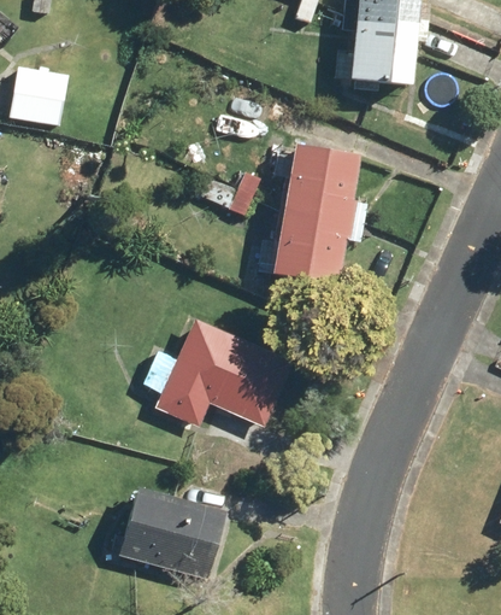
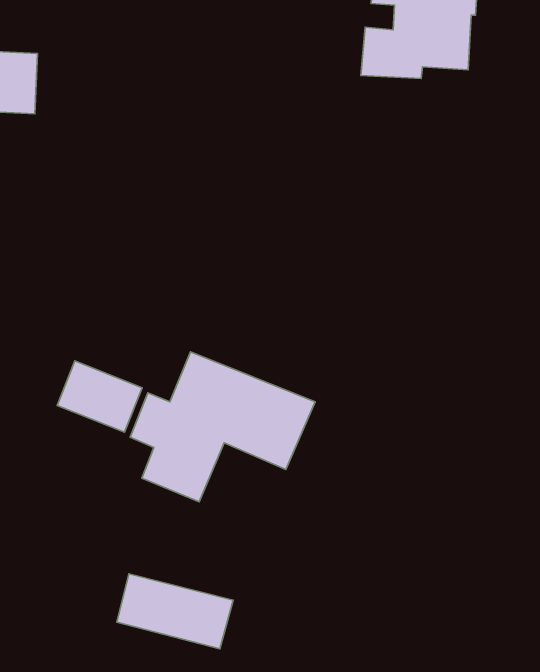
building: [276,140,366,287] -> none
building: none -> [57,361,142,432]

